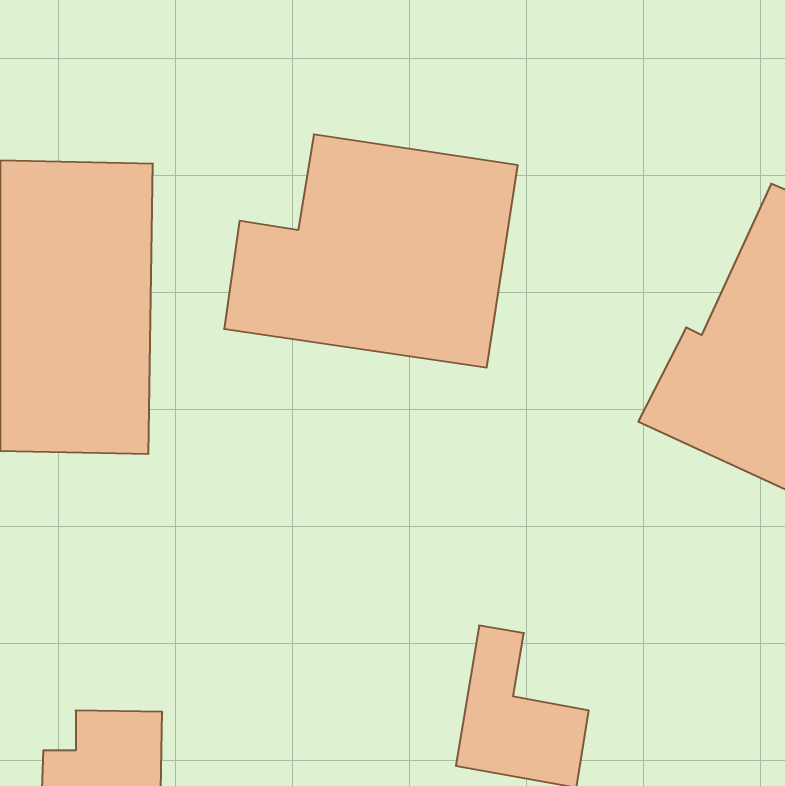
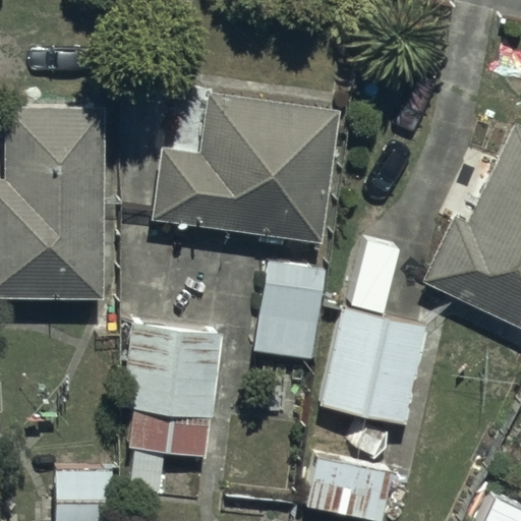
building: none -> [251,262,326,360]
building: none -> [315,305,425,426]
building: none -> [118,321,222,494]

